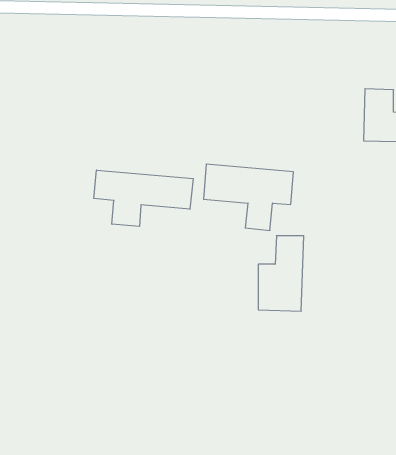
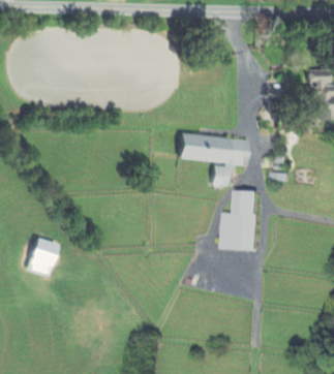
building: [94,170,193,226] -> none
building: none -> [27,238,58,276]

